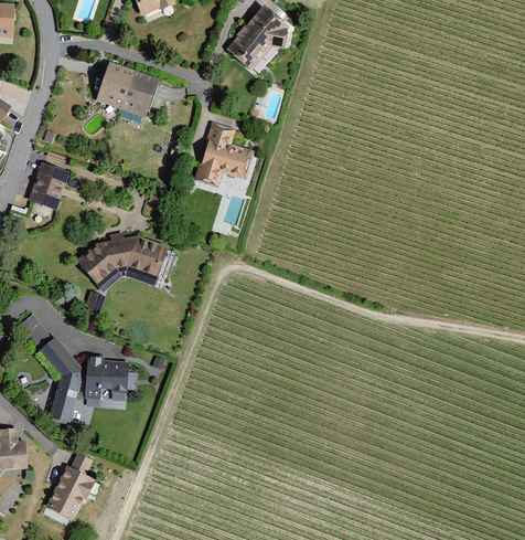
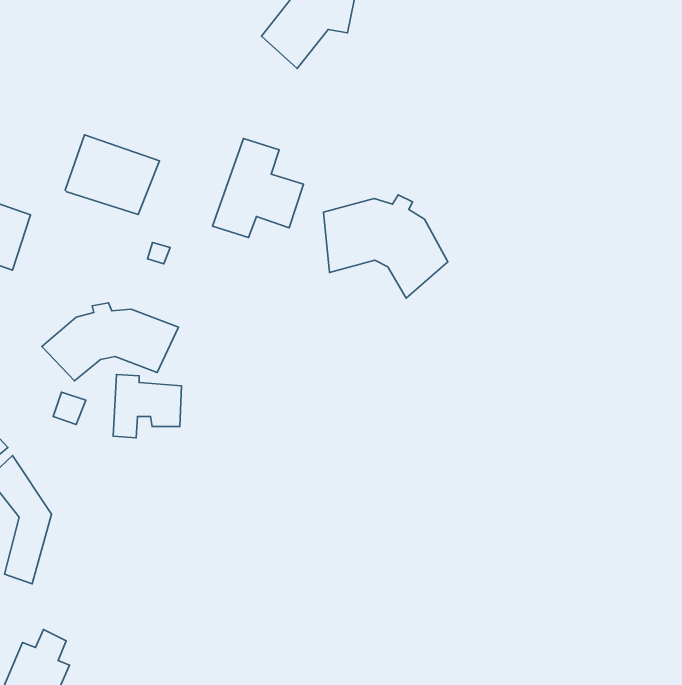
building: [95,62,159,116] -> [65,135,159,215]
building: none -> [324,195,448,298]
building: [84,356,130,399] -> [113,374,182,438]

